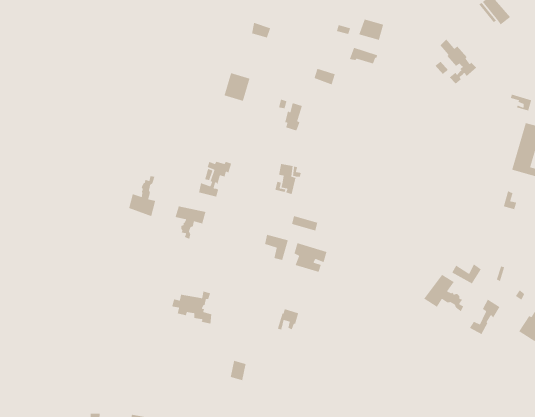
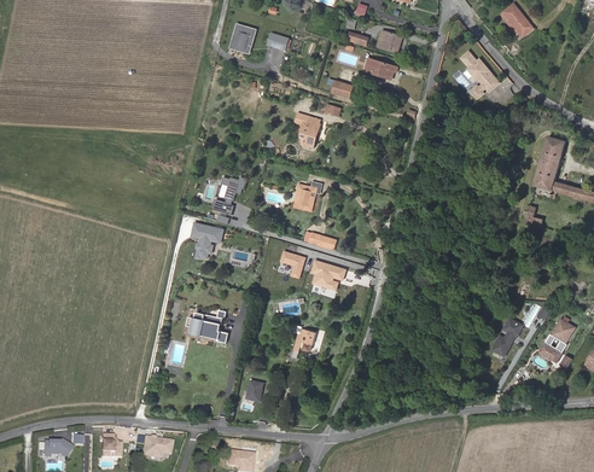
building: [224,72,251,102] -> [228,23,256,53]
building: [128,176,156,217] -> none
building: [423,274,464,312] -> none

